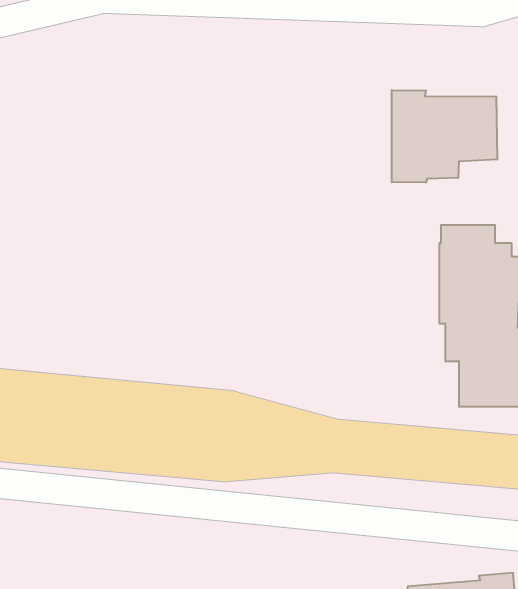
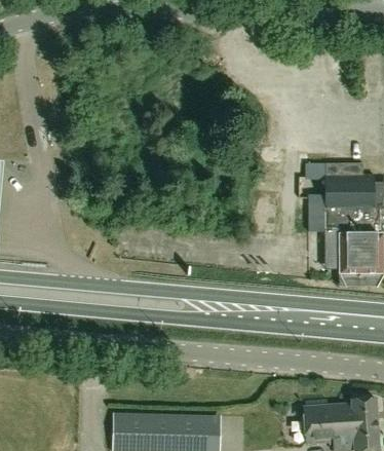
building: [392,90,497,183] -> none

